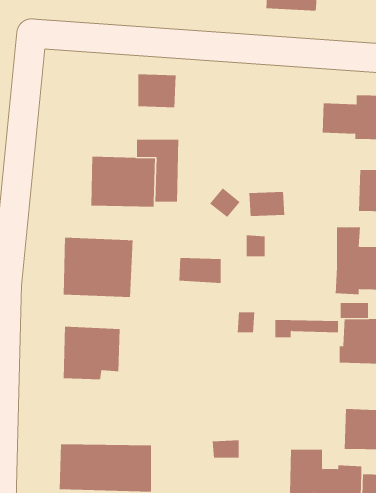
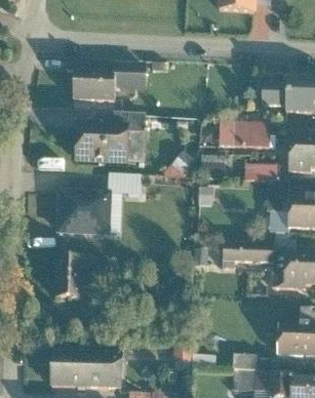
building: none -> [74,70,114,102]
building: none -> [220,121,269,148]
building: none -> [245,164,278,181]
building: [178,257,221,284] -> [107,172,141,193]

